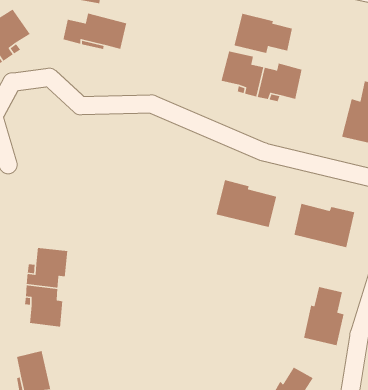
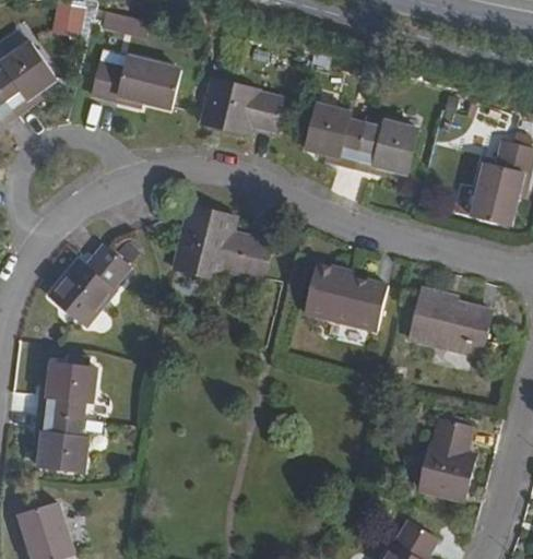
building: [234,13,293,54] -> [202,71,282,127]
building: none -> [175,210,271,283]
building: none -> [55,247,132,331]

